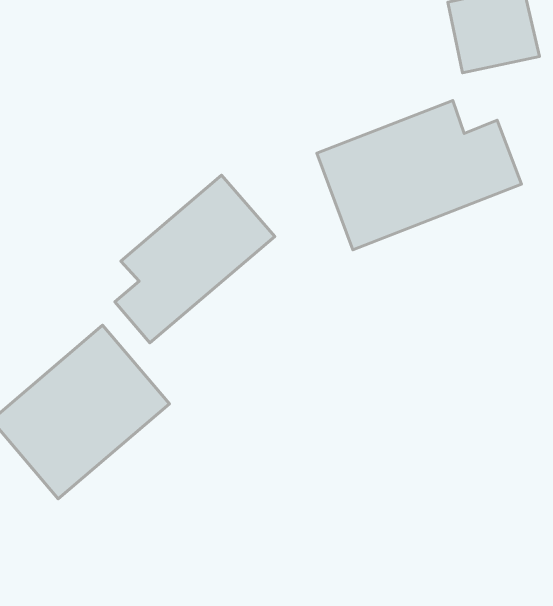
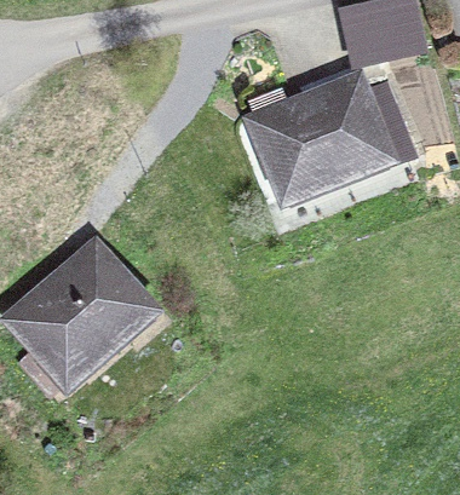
building: [115,175,275,343] -> none

